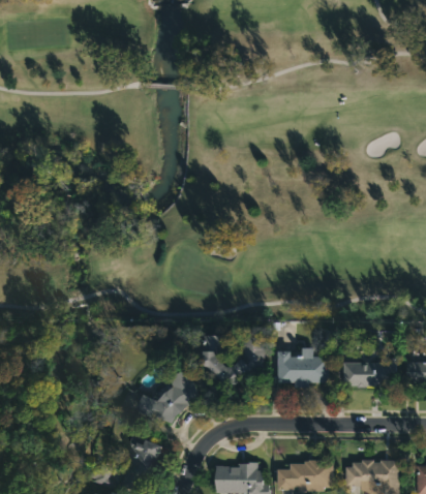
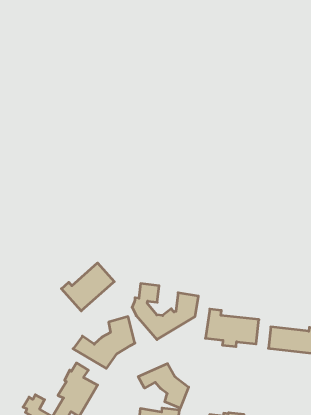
building: none -> [61,263,114,311]
building: none -> [138,364,189,408]

